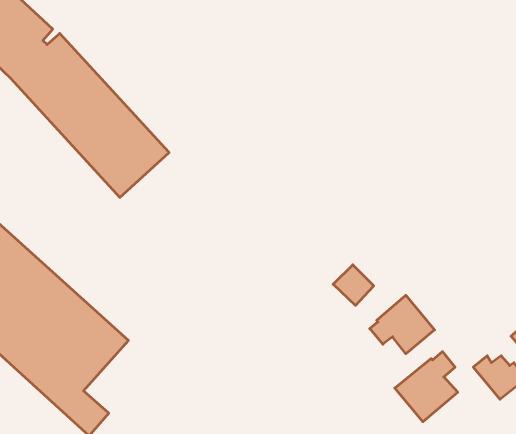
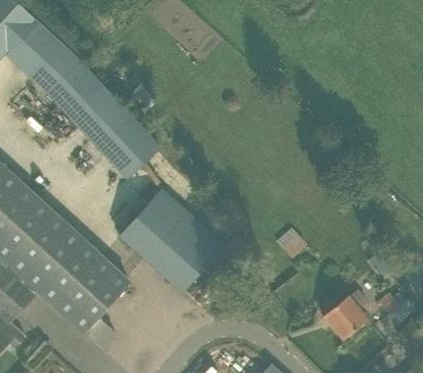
building: none -> [119,190,223,292]
building: [370,295,435,354] -> none

